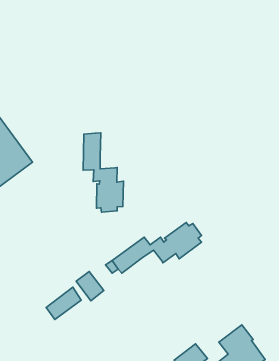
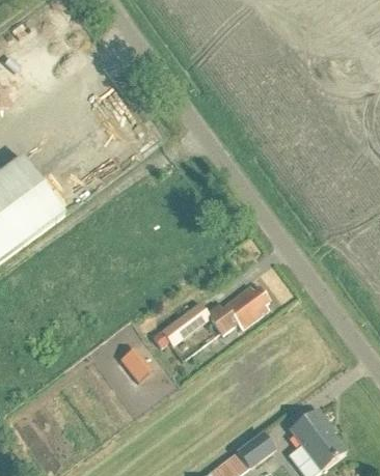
building: [83,133,123,212] -> none
building: [46,287,81,320] -> none

